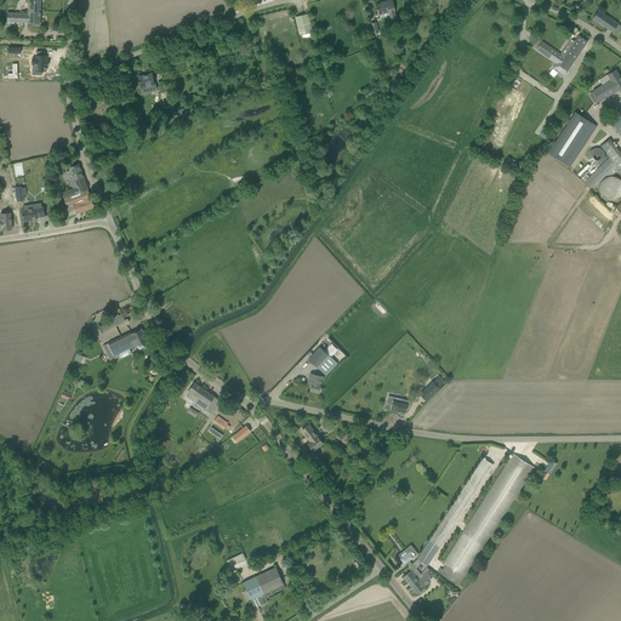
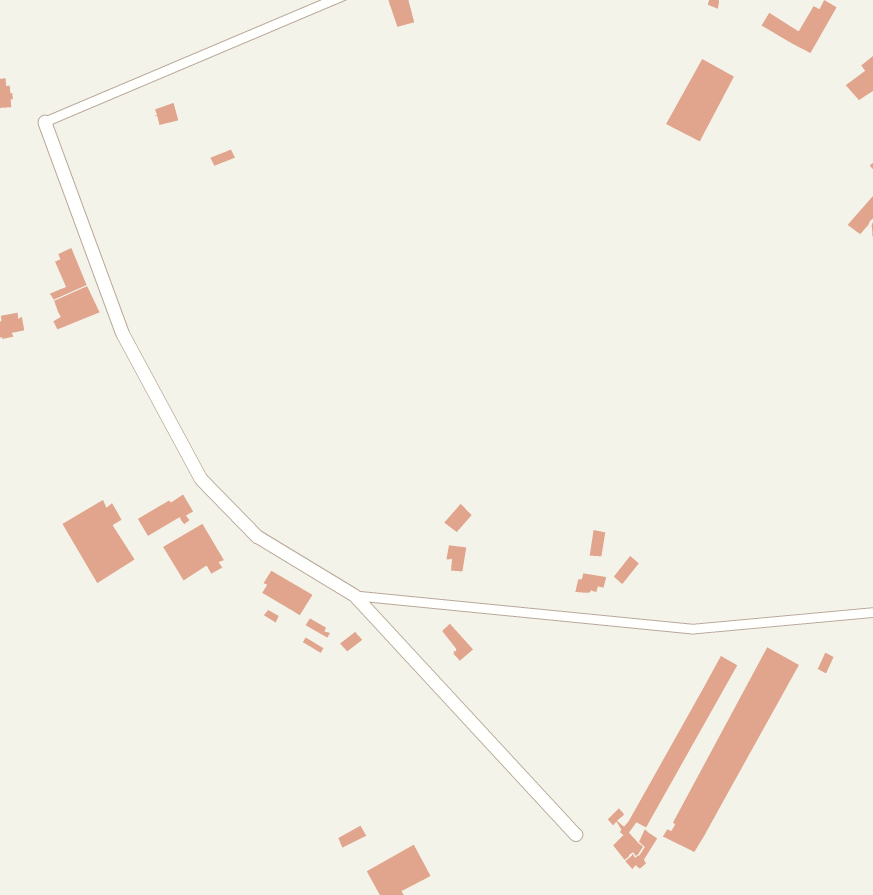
building: [549,112,597,166] -> [665,58,735,142]
building: none -> [62,499,136,584]
building: none -> [162,523,225,581]

